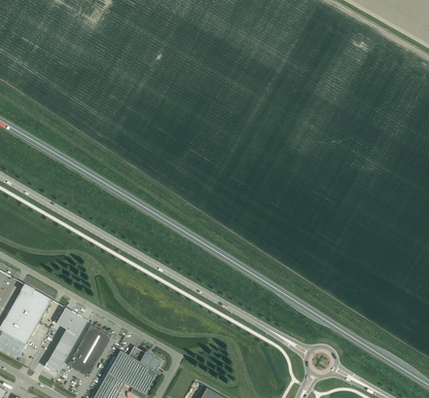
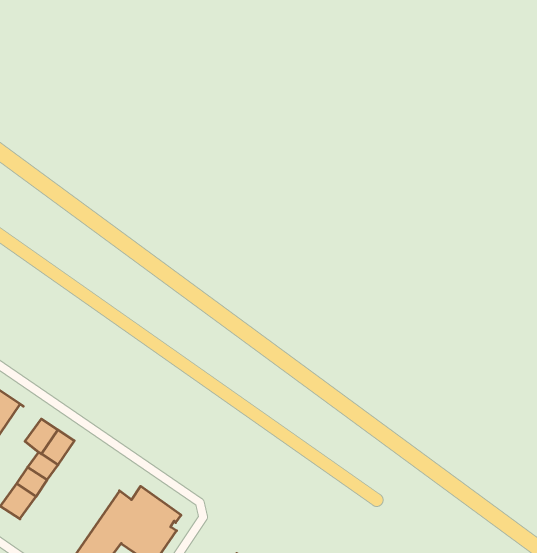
building: [68,325,111,377] -> none

